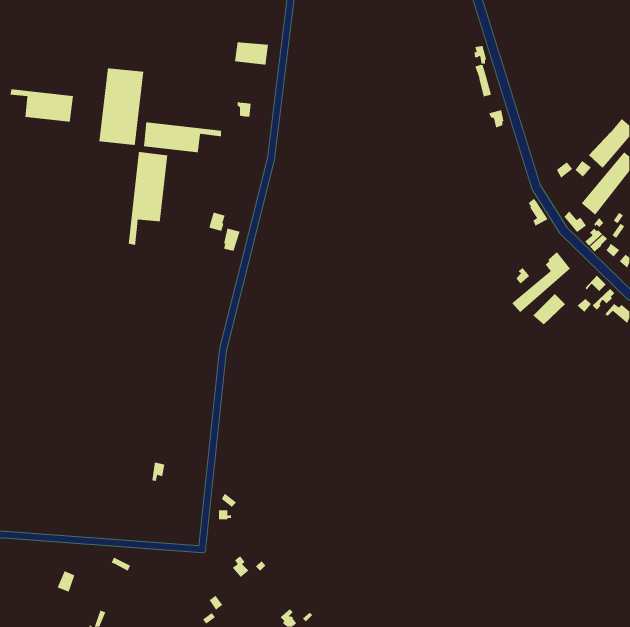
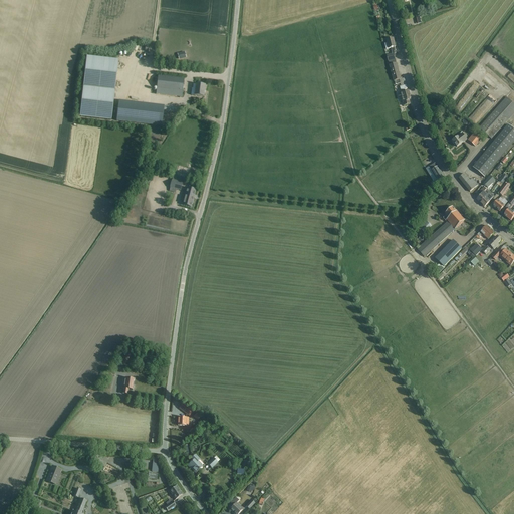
building: [234,42,269,65] -> [156,76,184,95]
building: [10,88,74,123] -> none
building: [128,151,168,246] -> none

